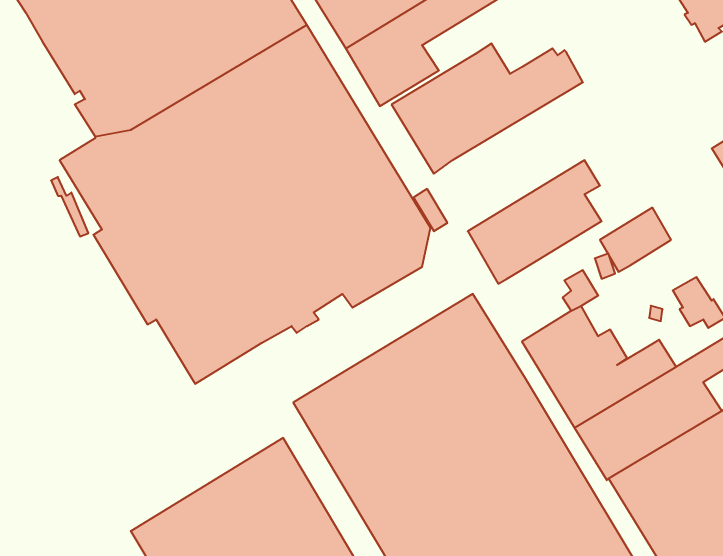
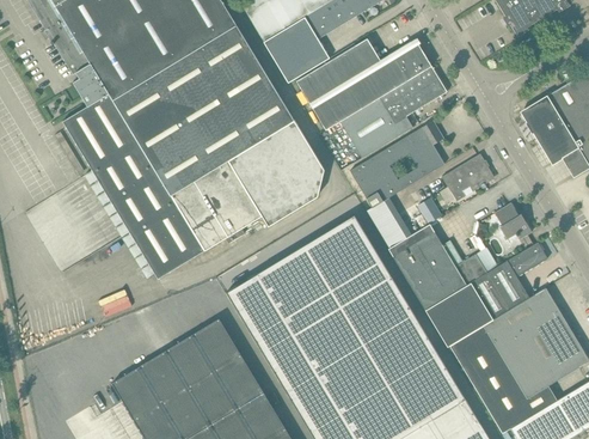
building: none -> [339,66,447,158]
building: none -> [366,200,407,249]

